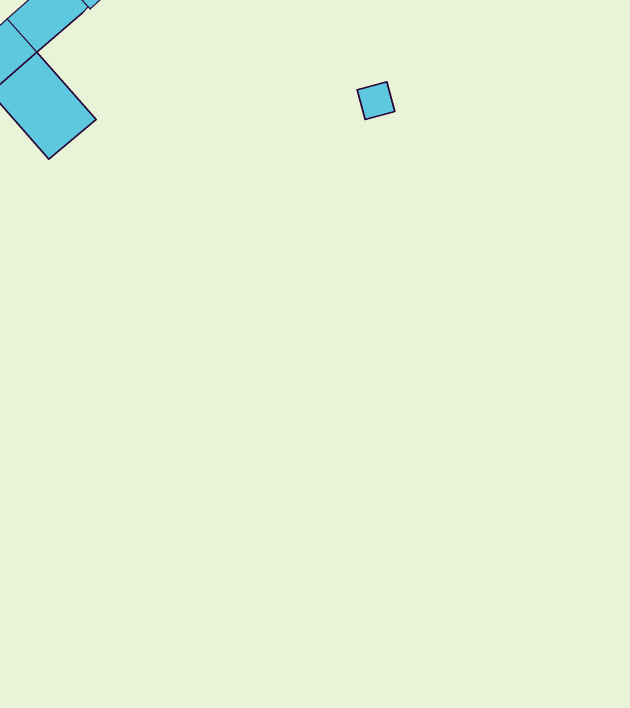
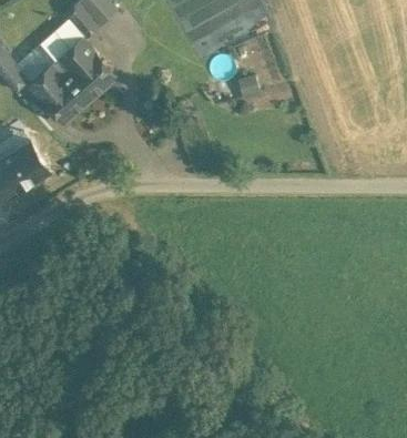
building: none -> [59,40,118,100]

